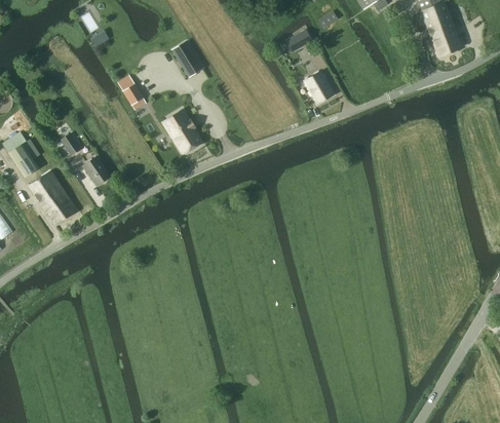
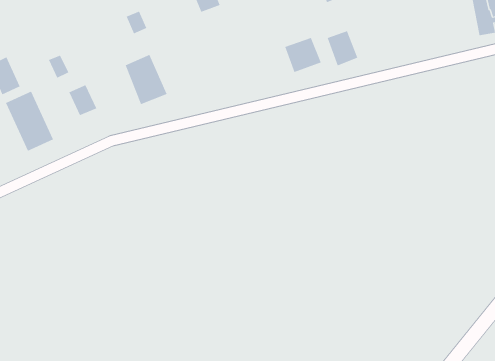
building: none -> [285,37,321,73]
building: [162,107,204,153] -> [125,54,168,105]

